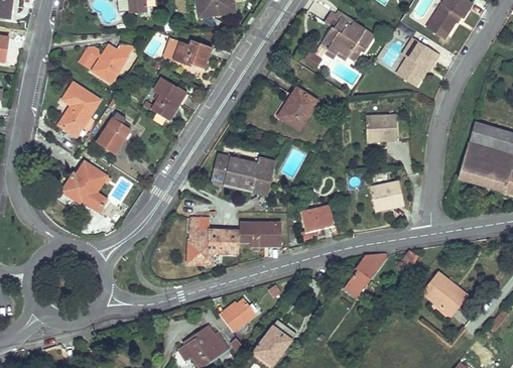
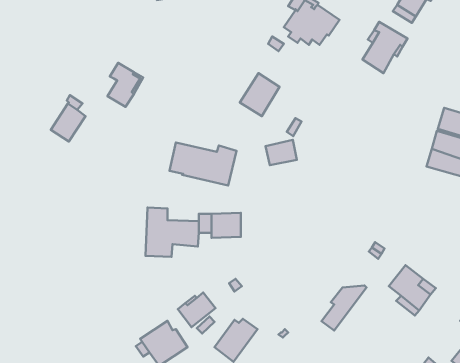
building: [172,39,212,69] -> none
building: [78,43,134,83] -> none
building: [58,83,100,136] -> none
building: [366,115,396,140] -> none
building: [61,161,106,211] -> none
building: [370,180,404,208] -> none
building: [301,206,332,230] -> [266,140,297,165]
building: [344,254,387,297] -> [321,285,367,331]

